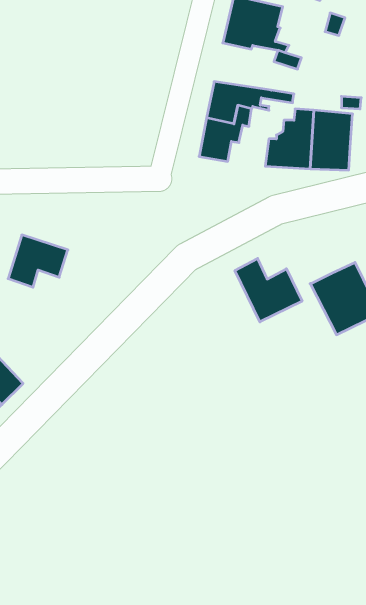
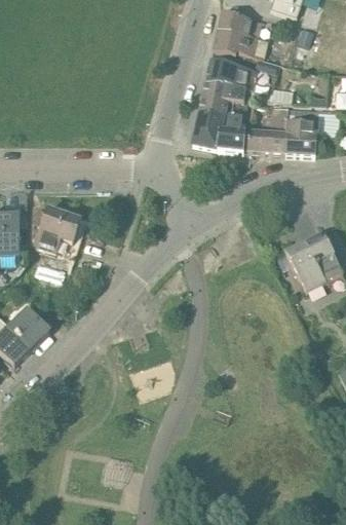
building: none -> [205,60,257,88]
building: none -> [217,102,251,150]
building: [235,258,302,322] -> none

